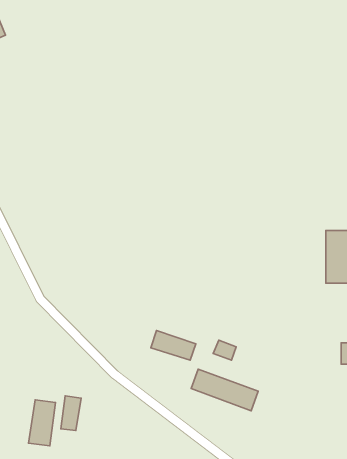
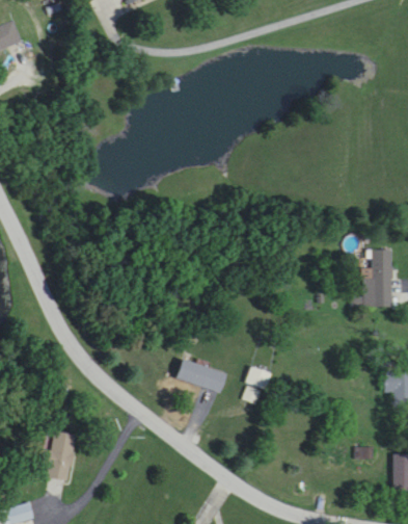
building: [191,369,258,411] -> none
building: [61,396,81,431] -> none

